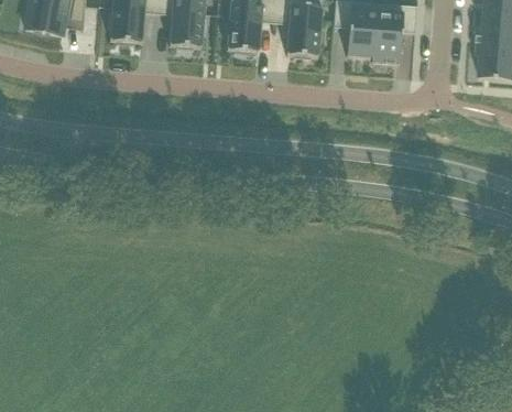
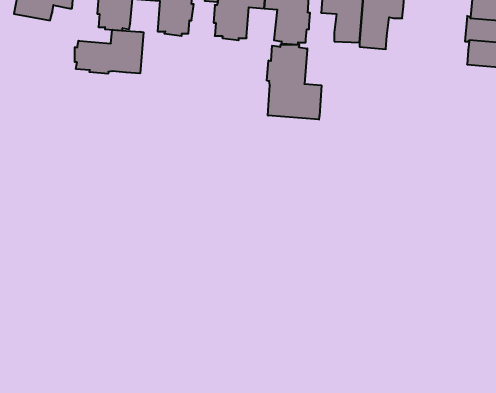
building: none -> [75,30,144,74]
building: none -> [267,44,321,120]

